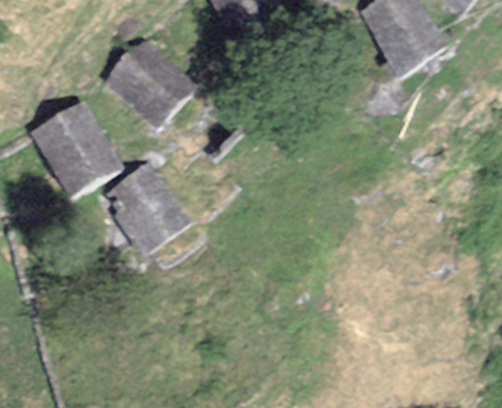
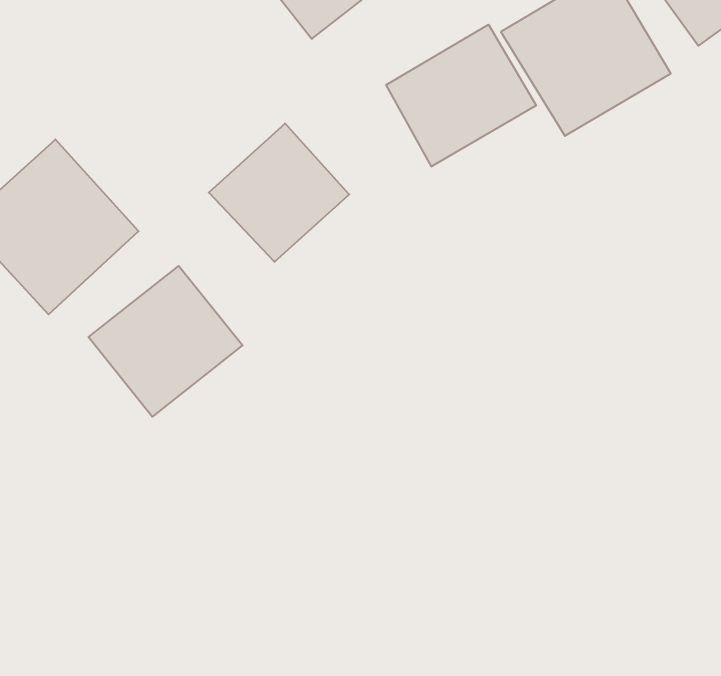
building: none -> [386,25,536,167]
building: [107,31,190,113] -> [209,123,349,262]

